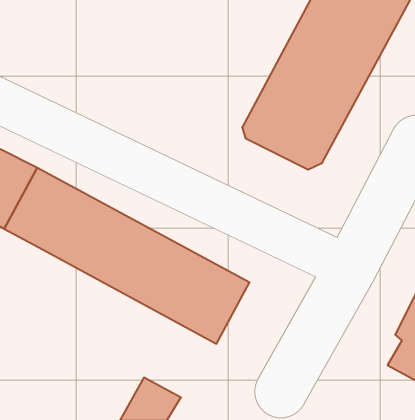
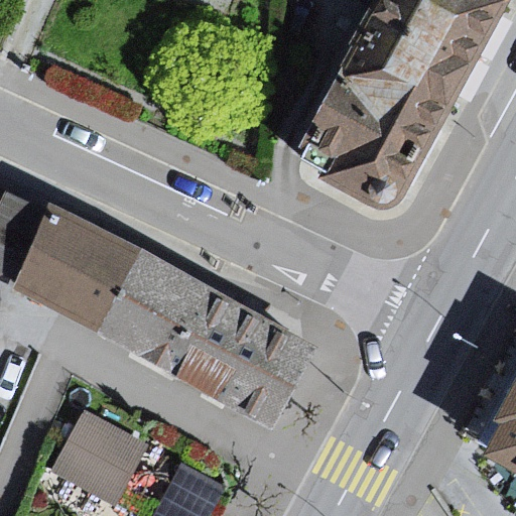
building: none -> [51,411,149,508]

